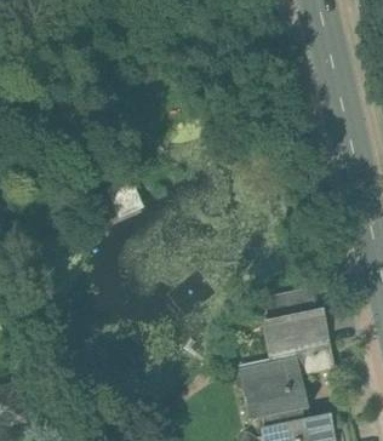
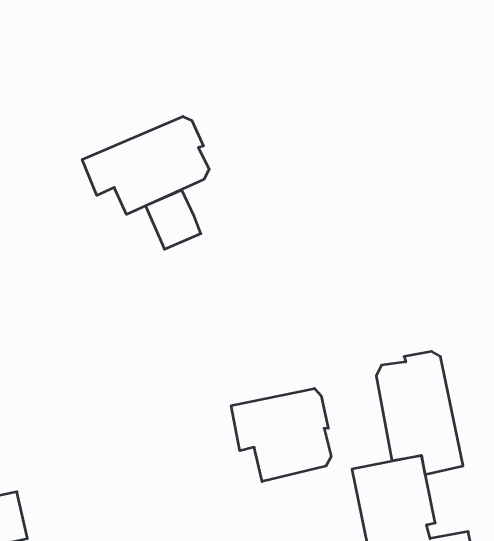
building: none -> [82,116,209,214]
building: none -> [231,388,331,482]

